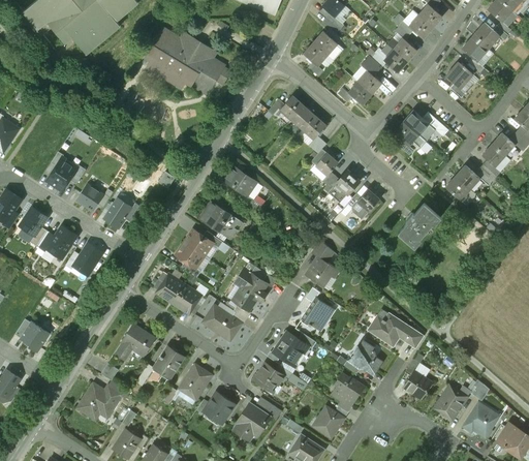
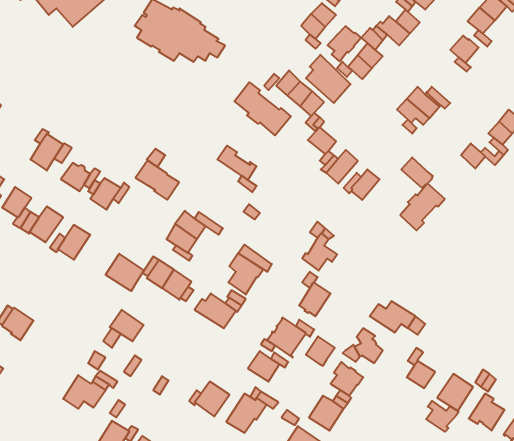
building: none -> [328,26,361,61]
building: none -> [306,55,351,103]
building: none -> [234,82,291,135]
building: [445,177,475,206] -> [401,157,433,188]
building: [199,203,241,240] -> [136,161,179,200]
building: none -> [106,254,144,291]
building: [153,346,184,378] -> none
building: none -> [306,336,335,366]
building: [179,364,212,399] -> none
building: none -> [426,401,459,432]

